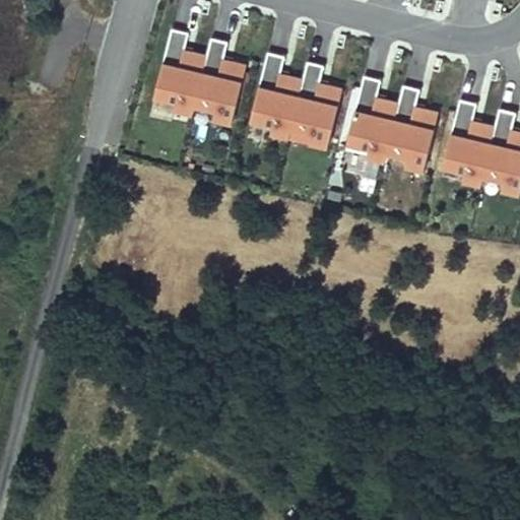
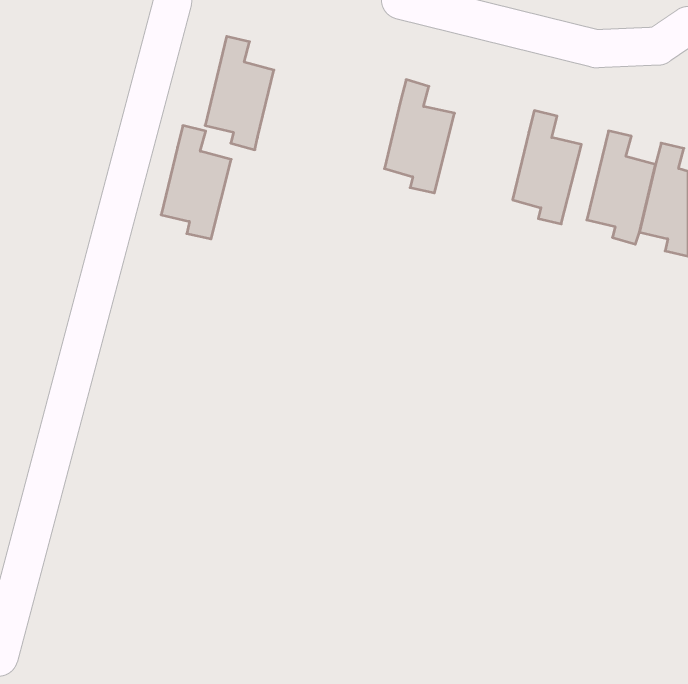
building: [194,41,247,126] -> [161,126,231,239]
building: [250,55,302,140] -> none
building: [345,78,398,164] -> none

